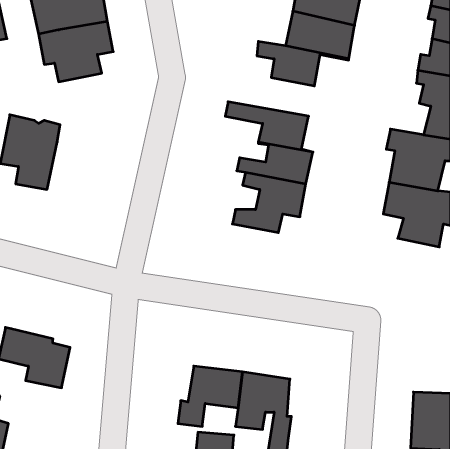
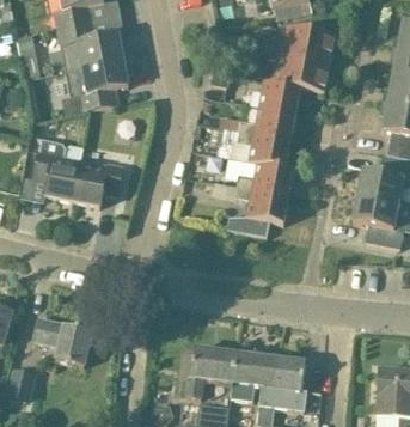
building: none -> [219,106,295,139]
building: none -> [73,160,124,206]
building: none -> [273,358,307,410]

